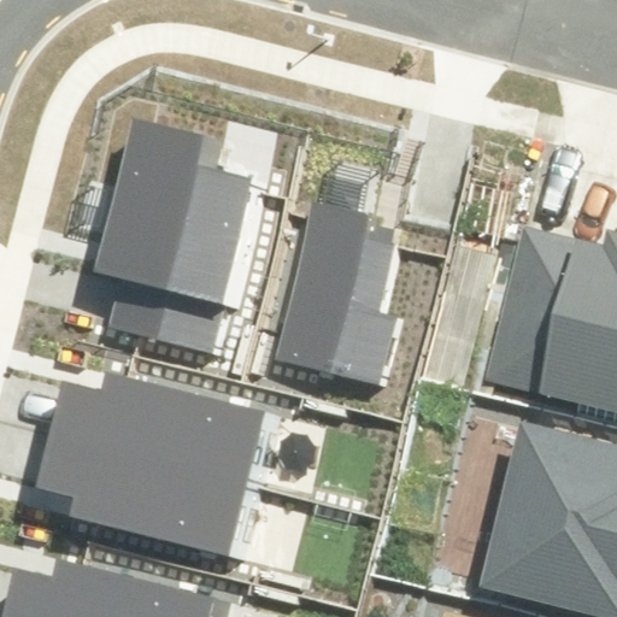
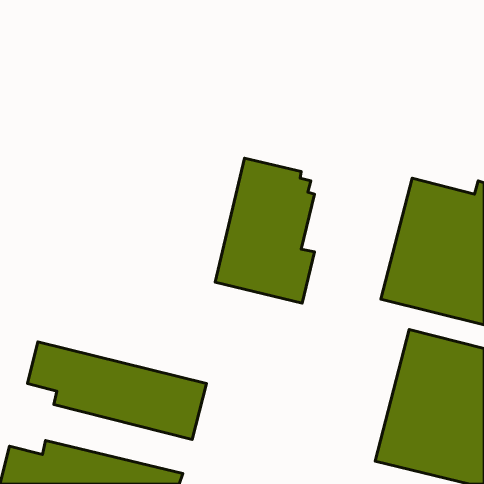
building: [95,114,262,354] -> none
building: [48,372,281,488] -> none

